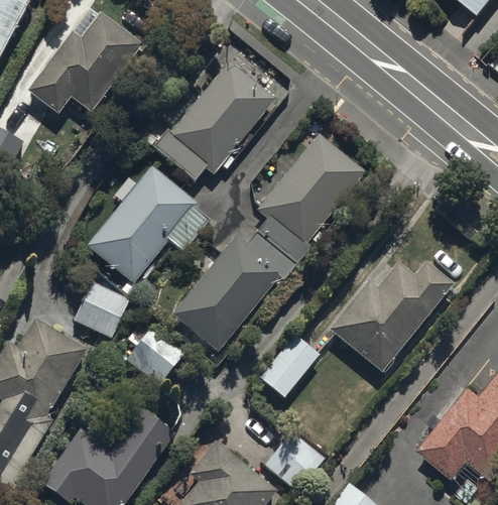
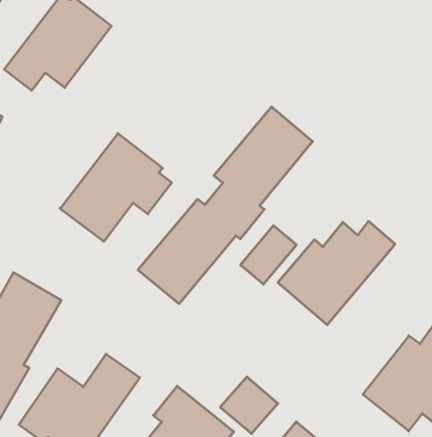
building: [153,58,276,181] -> none
building: [73,278,132,338] -> none
building: [122,330,182,390] -> none
building: [258,333,320,397] -> [241,226,296,284]

